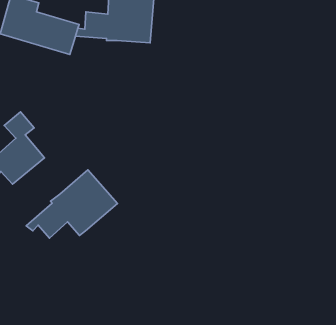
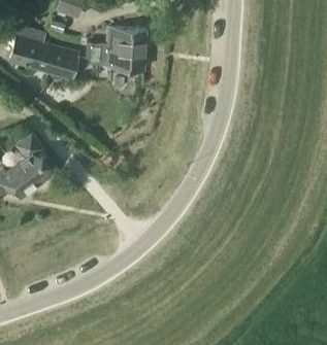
building: [26,170,118,238] -> none

